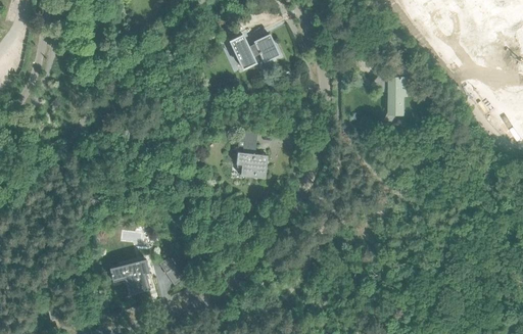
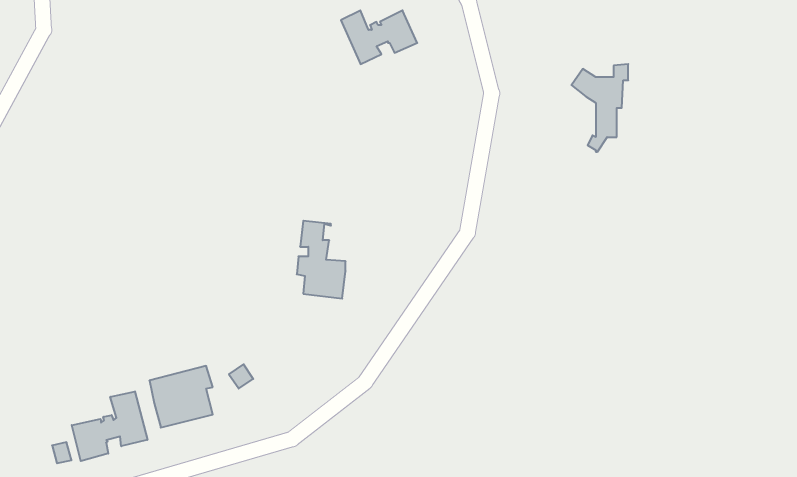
building: [236,130,267,179] -> [297,221,346,299]
building: none -> [72,391,147,461]

